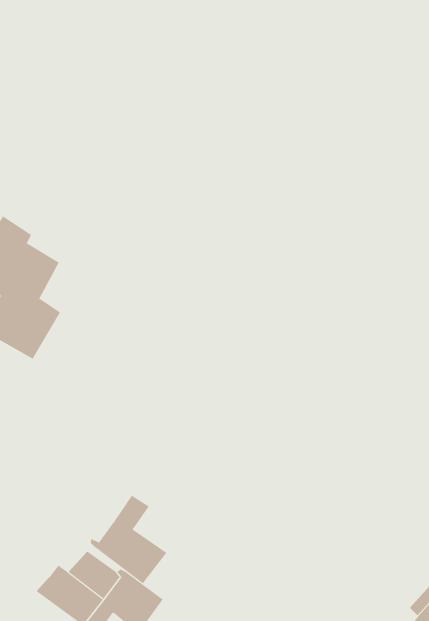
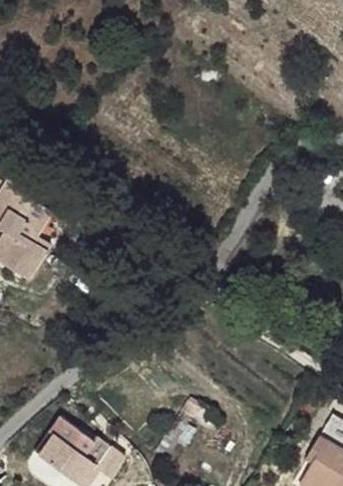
building: [90,495,167,584] -> none

